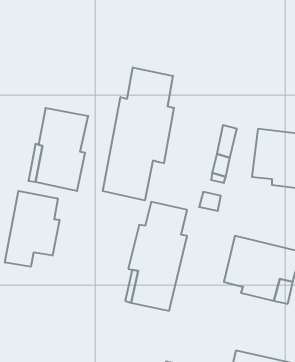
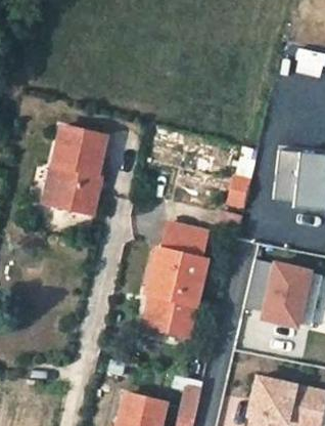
building: [103,67,174,200] -> none
building: [5,191,59,267] -> none

